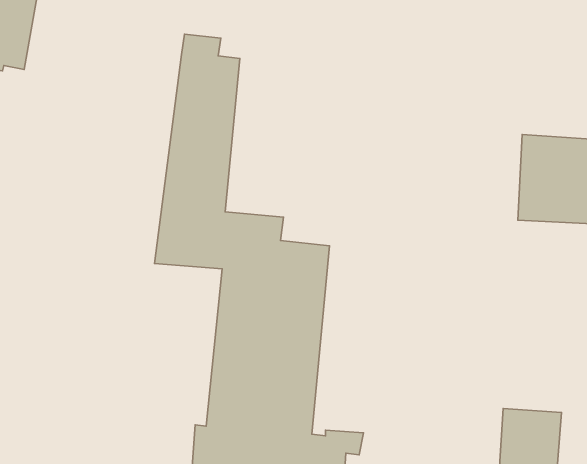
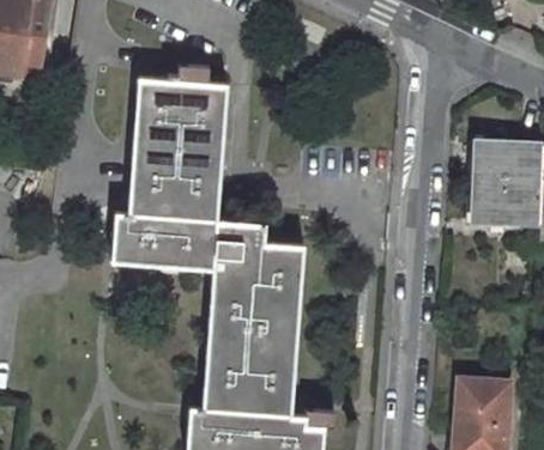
building: none -> [109,71,176,259]

